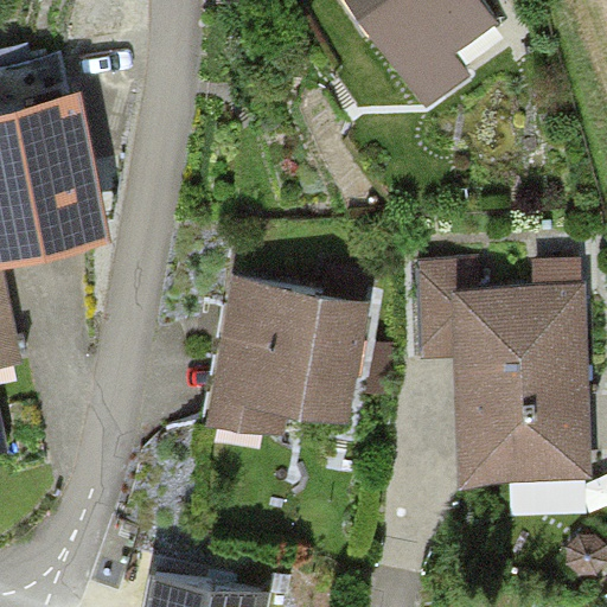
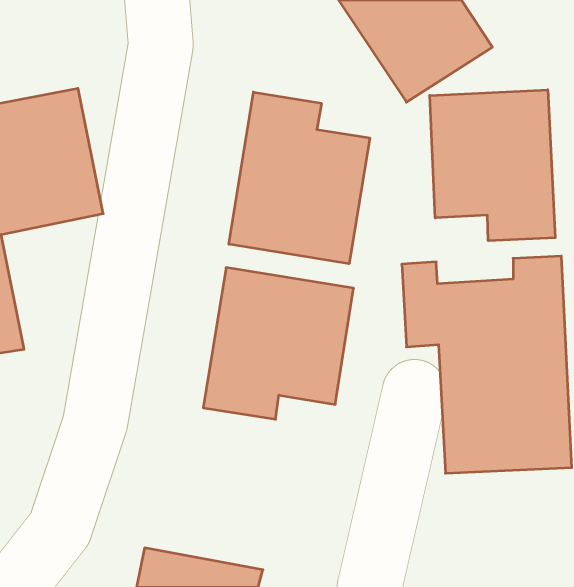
building: none -> [430,90,555,241]
building: none -> [229,92,370,264]

